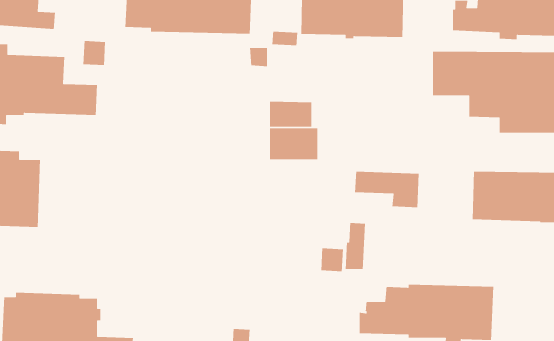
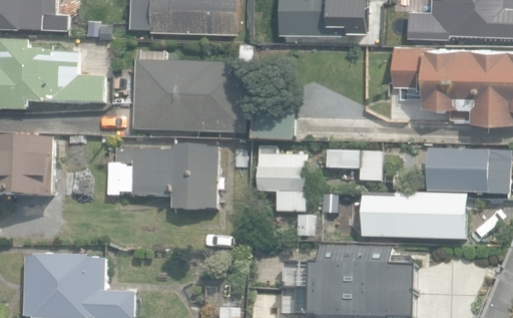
building: none -> [132,52,247,135]
building: none -> [106,147,223,212]
building: none -> [256,155,308,213]
building: none -> [361,194,467,241]

